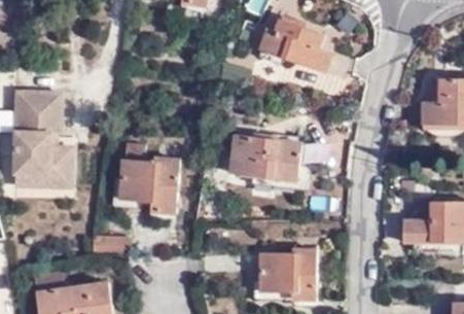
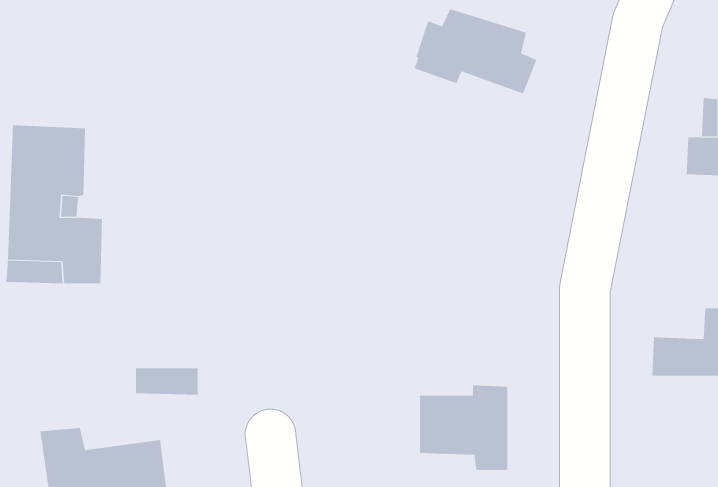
building: [230,135,305,177] -> none
building: [120,143,177,213] -> none

